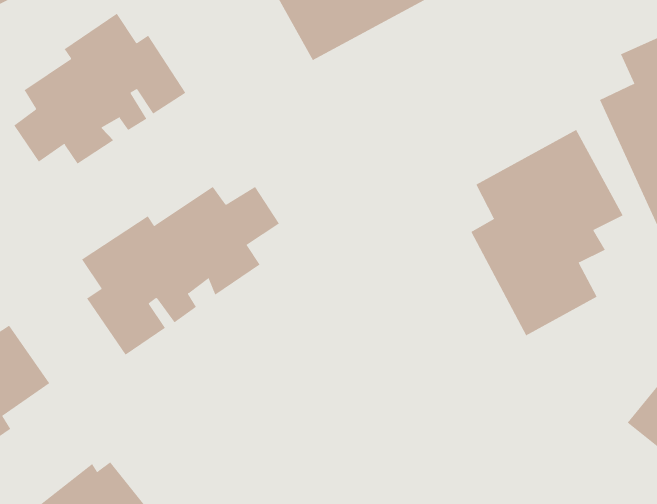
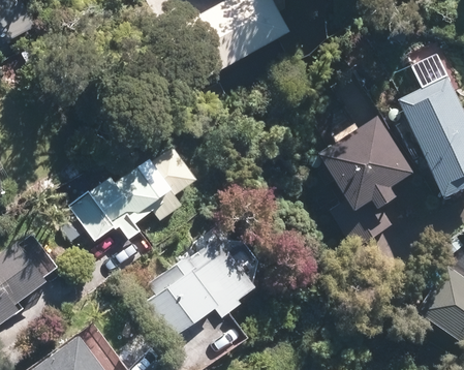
building: [13,13,186,165] -> none
building: none -> [138,220,267,340]

